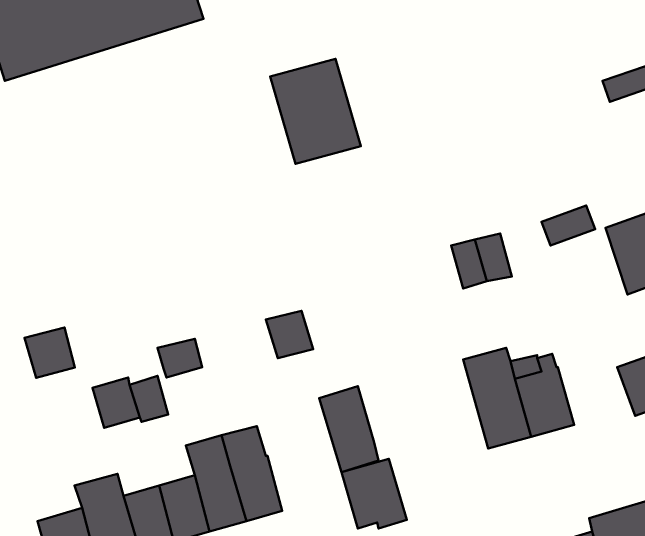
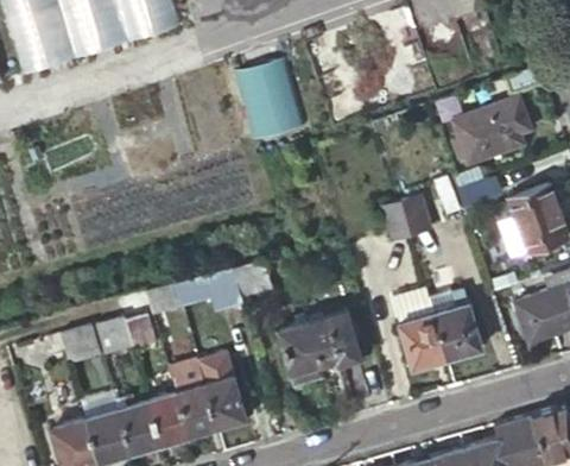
building: none -> [451,97,526,163]
building: none -> [176,267,243,309]
building: [24,327,75,378] -> [59,323,100,364]
building: [341,459,407,529] -> [306,310,359,366]

